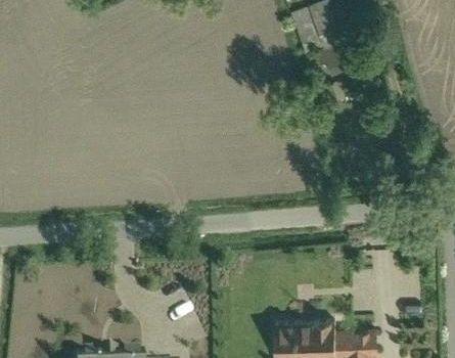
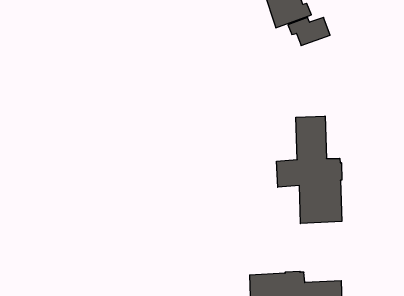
building: none -> [277,116,342,224]

